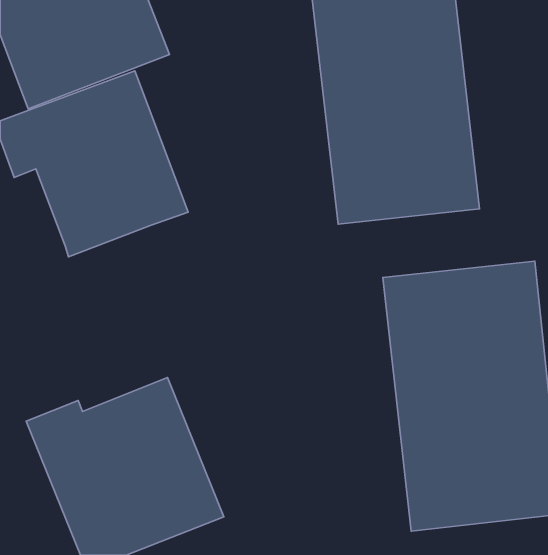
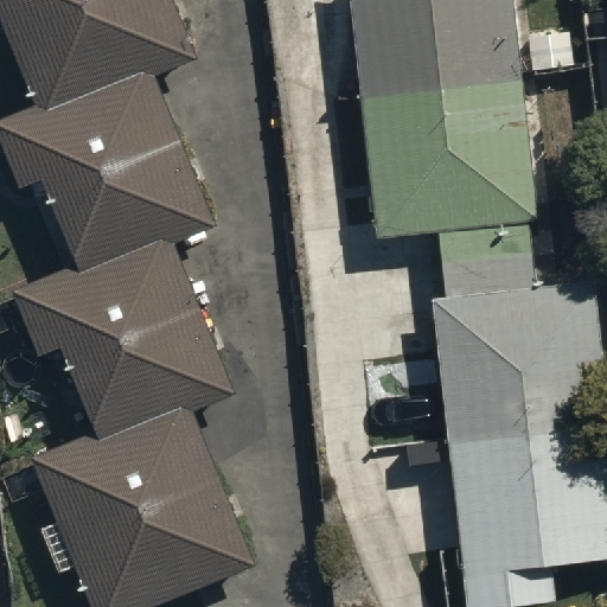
building: none -> [20,245,231,442]

